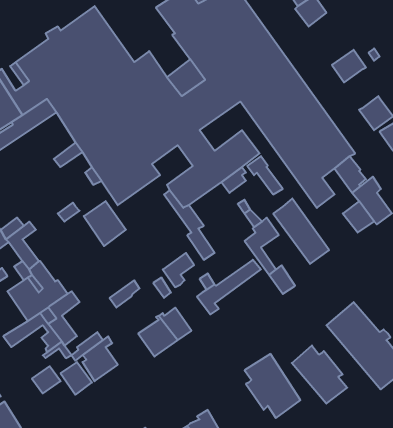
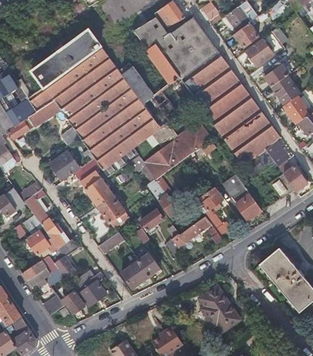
building: none -> [246,37,274,65]
building: none -> [272,76,299,105]
building: none -> [49,151,79,180]
building: none -> [96,194,128,227]
building: [292,345,347,404] -> none

